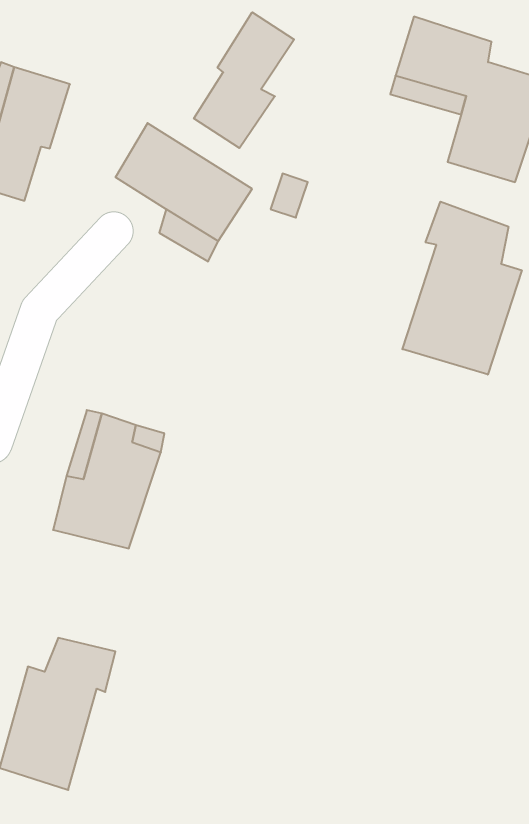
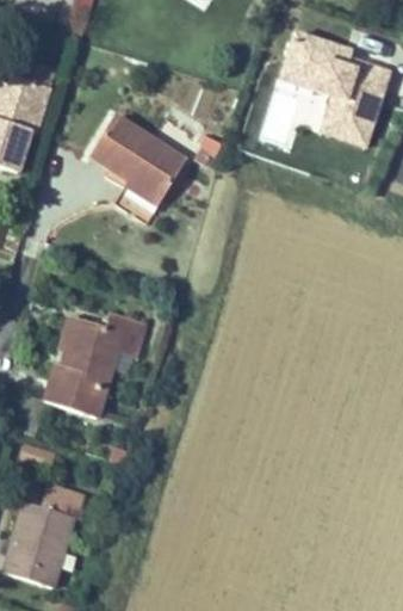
building: [194,12,294,148] -> none
building: [402,202,522,375] -> none

